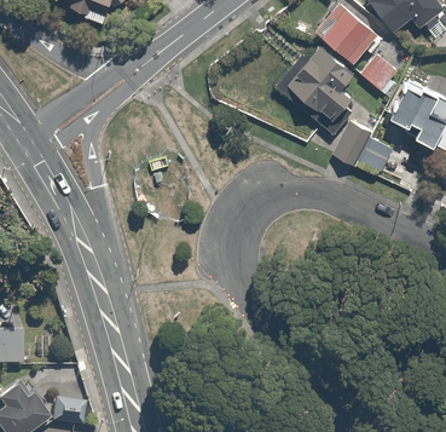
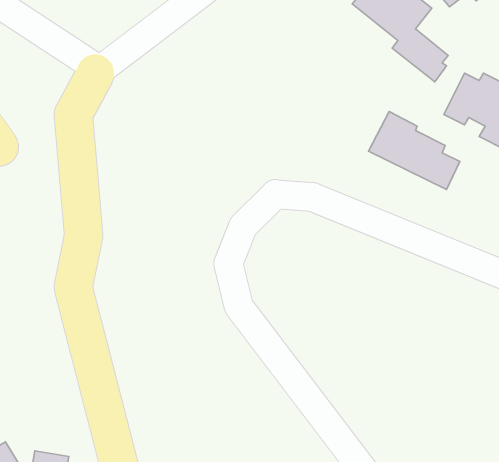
building: [286,45,364,125] -> none

